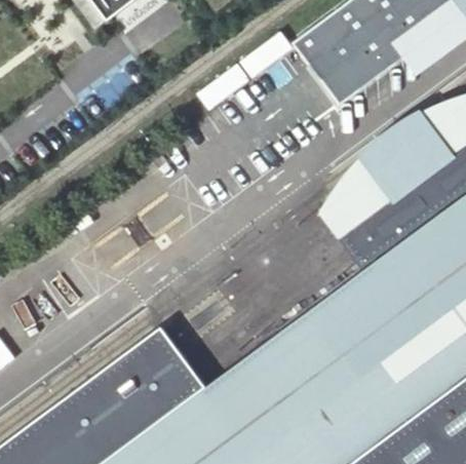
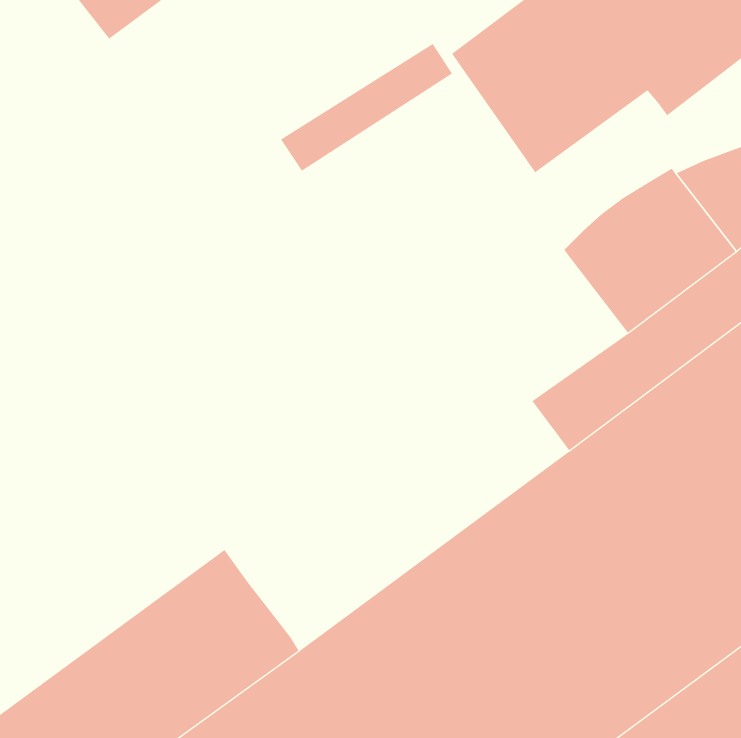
building: [321,155,397,239] -> none

